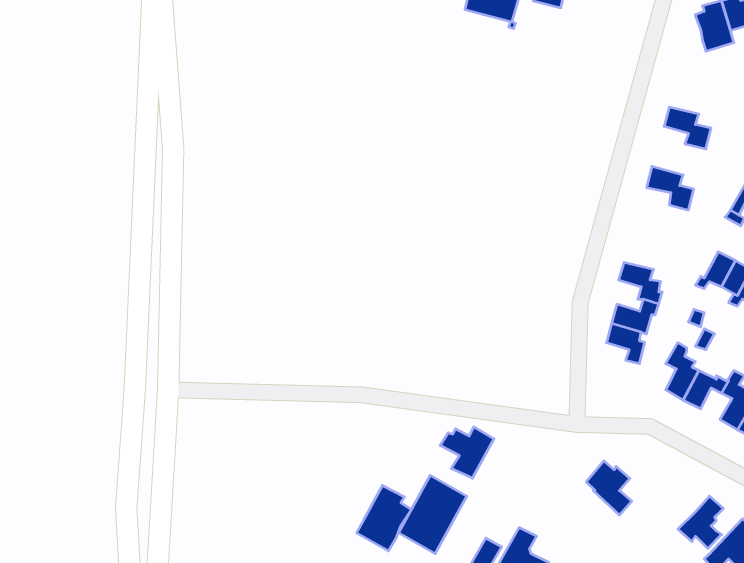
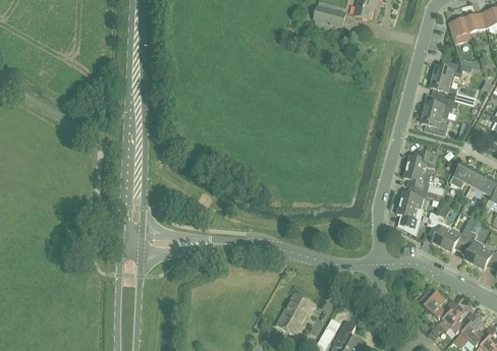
building: none -> [433,60,472,80]
building: none -> [423,98,457,118]
building: none -> [406,150,436,171]
building: [440,427,494,478] -> none
building: [586,461,632,515] -> [419,288,445,319]
building: [357,485,411,551] -> none

